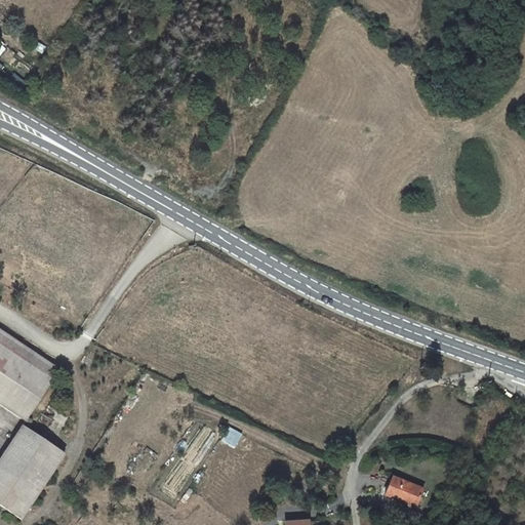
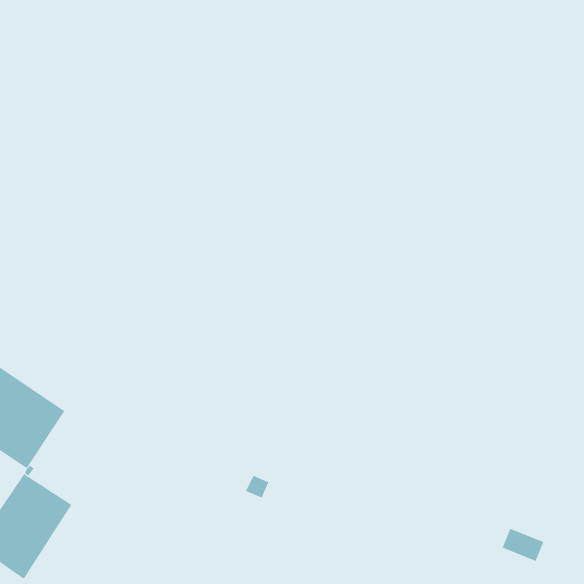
building: [383,476,421,506] -> [502,528,544,561]

